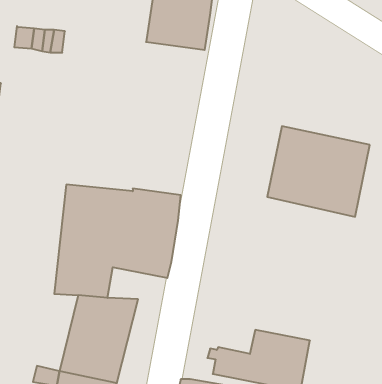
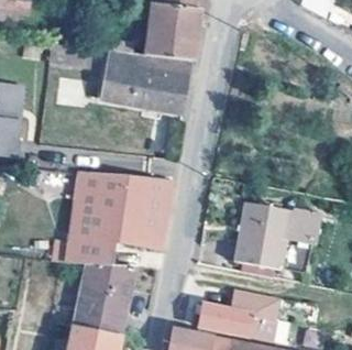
building: none -> [101,47,193,109]
building: [267,126,370,217] -> [230,201,315,276]

